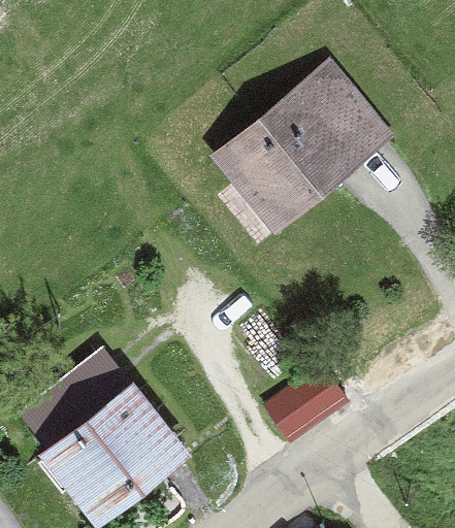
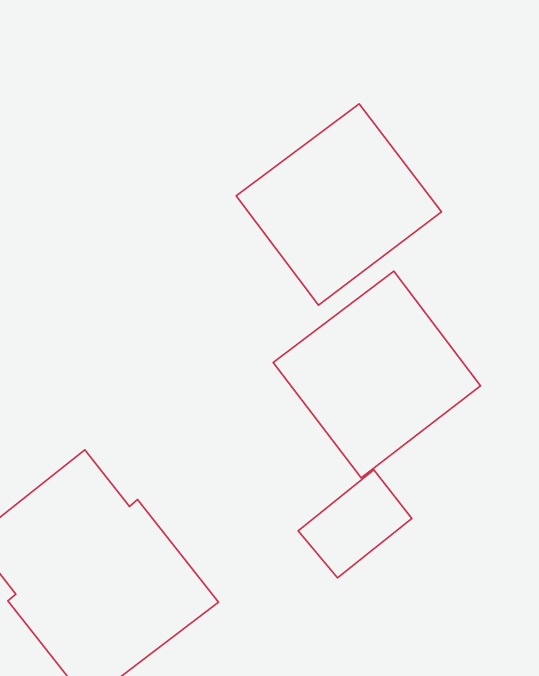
building: none -> [273,271,481,478]

